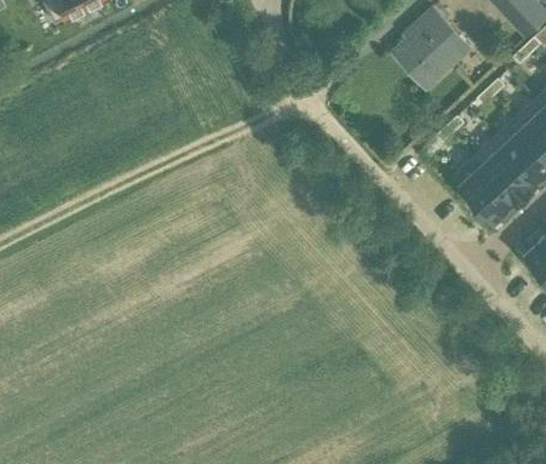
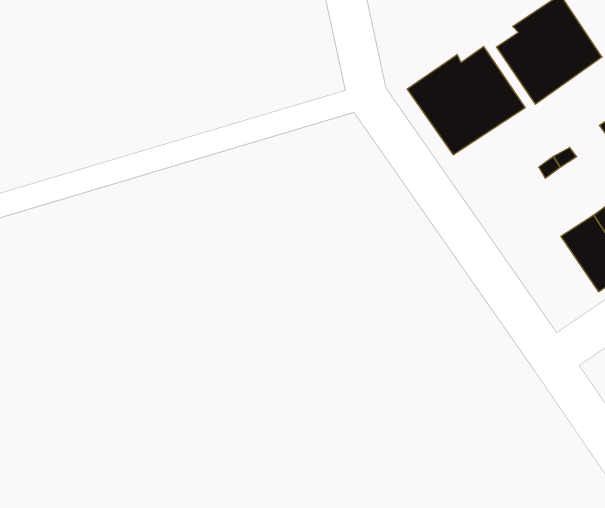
building: none -> [407,46,525,155]

